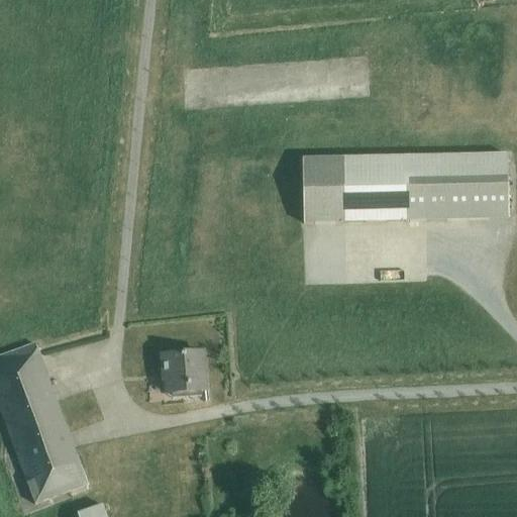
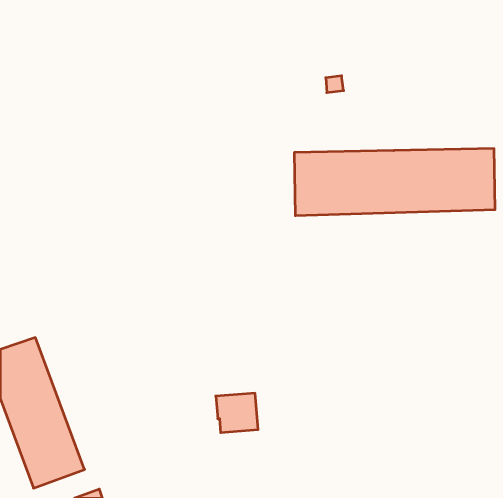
building: [162,350,205,391] -> [216,393,258,433]

